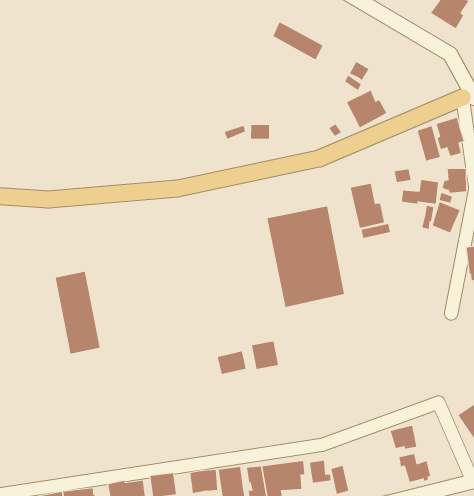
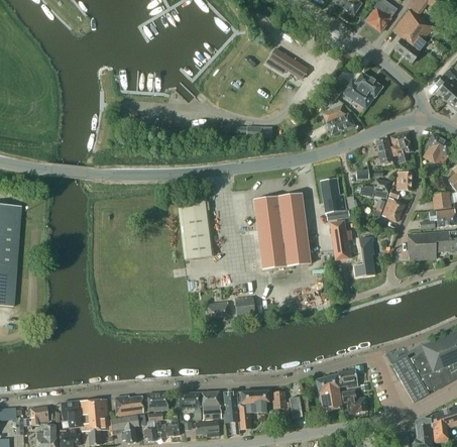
building: none -> [342,72,381,108]
building: none -> [328,220,348,259]
building: none -> [353,235,374,276]
building: [55,271,100,354] -> [180,195,211,258]
building: none -> [315,373,342,410]

